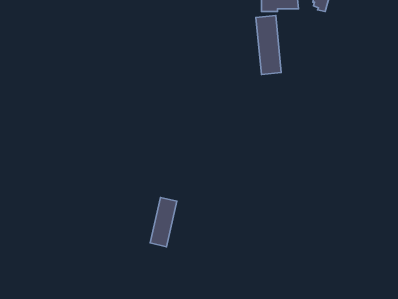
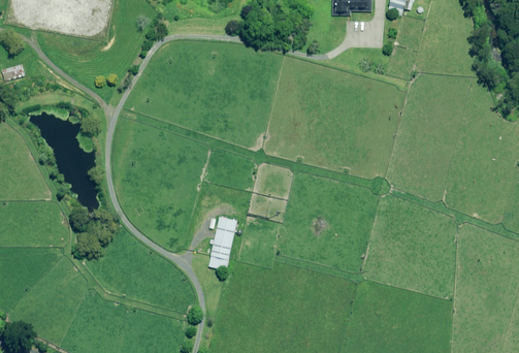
building: [256,16,281,74] -> none

